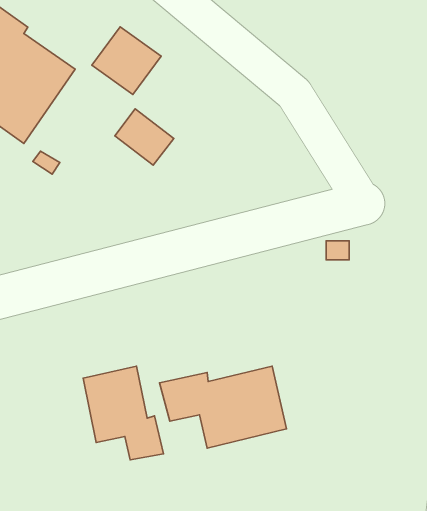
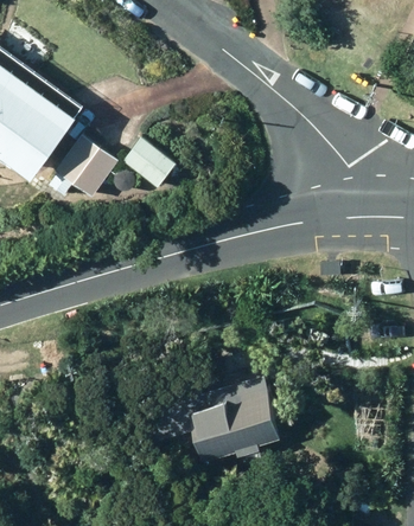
building: [92,27,161,95] -> [55,135,119,198]
building: [83,366,163,460] -> none

